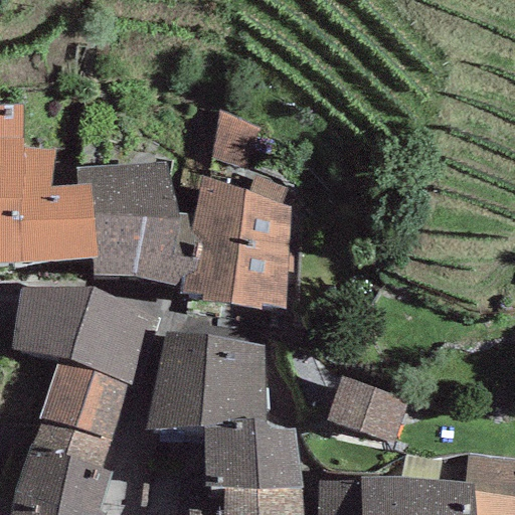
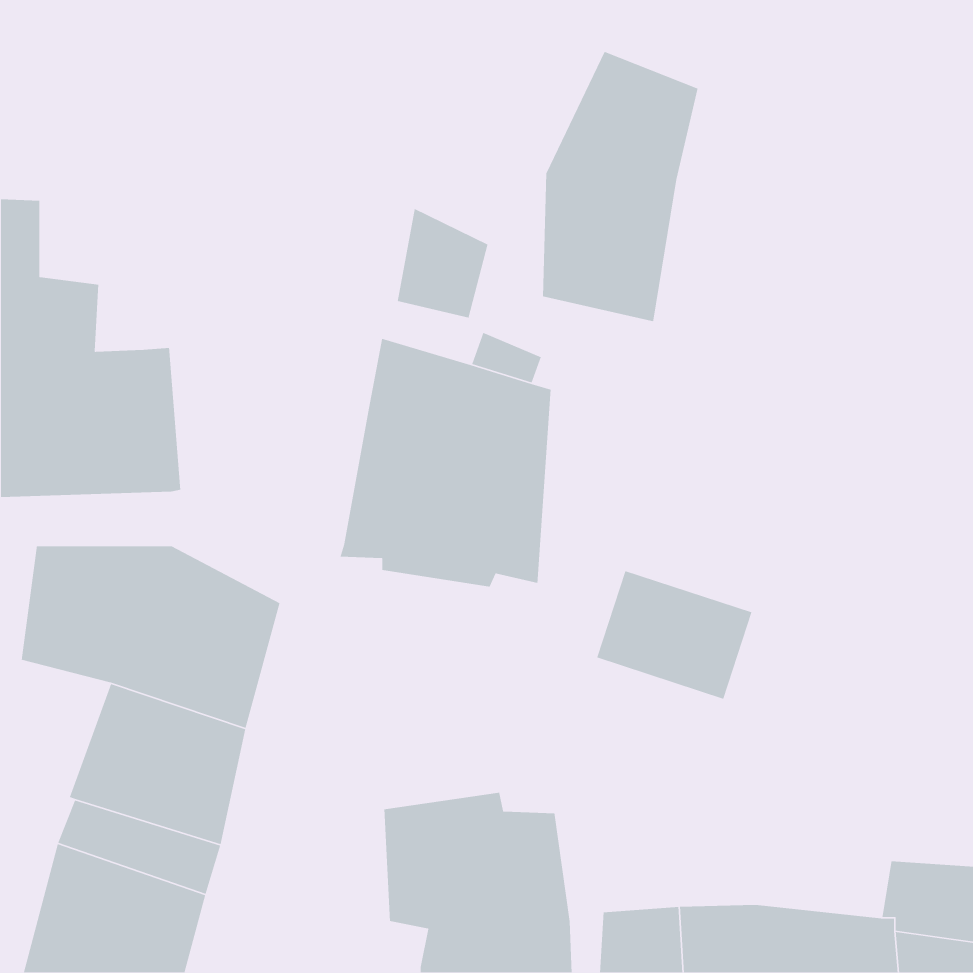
building: none -> [542,51,699,322]
building: [76,162,195,287] -> none
building: [146,331,265,430] -> none
building: [327,375,409,444] -> [596,570,753,700]

